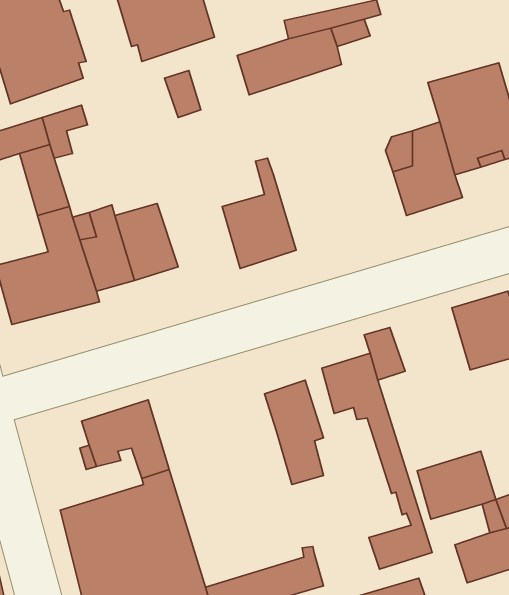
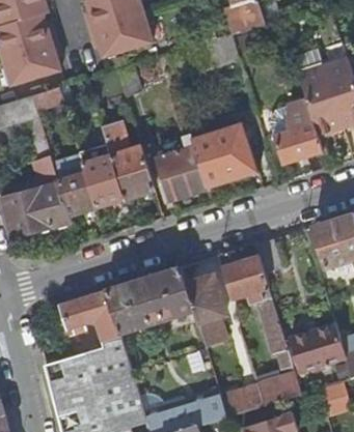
building: none -> [102,121,155,199]
building: none -> [191,122,258,188]
building: none -> [105,269,193,335]
building: none -> [219,384,264,417]

